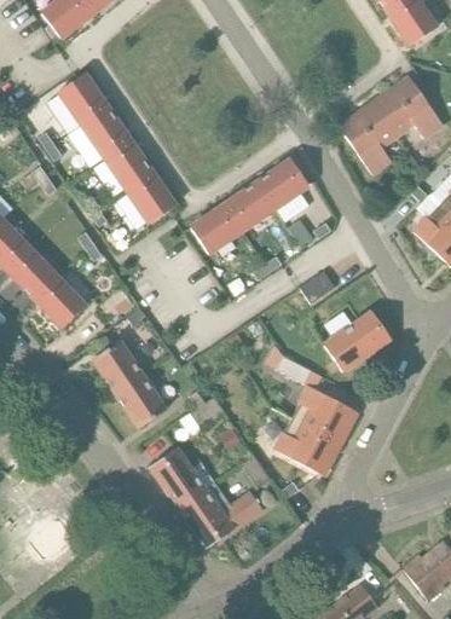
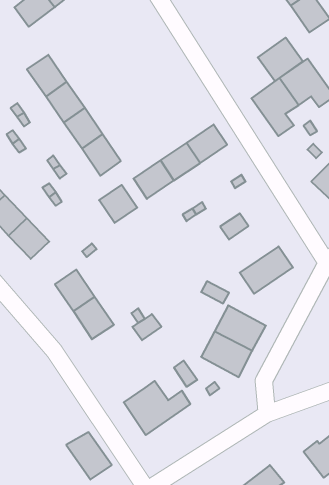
building: none -> [258,38,303,81]
building: none -> [99,185,137,223]
building: [149,447,206,507] -> [66,432,112,480]

